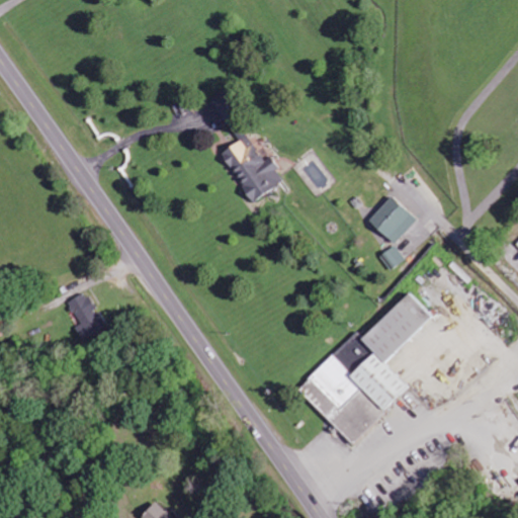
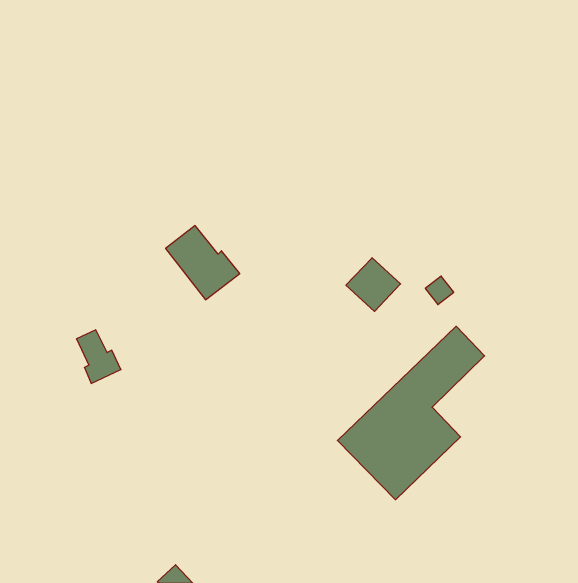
building: [218,137,283,202] -> [166,226,240,300]
building: [366,195,415,243] -> [346,258,401,311]

